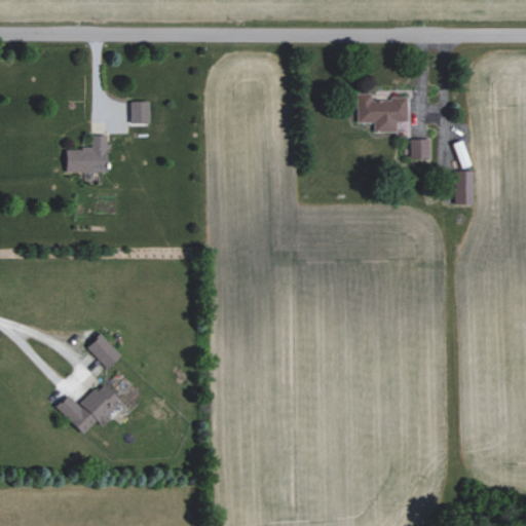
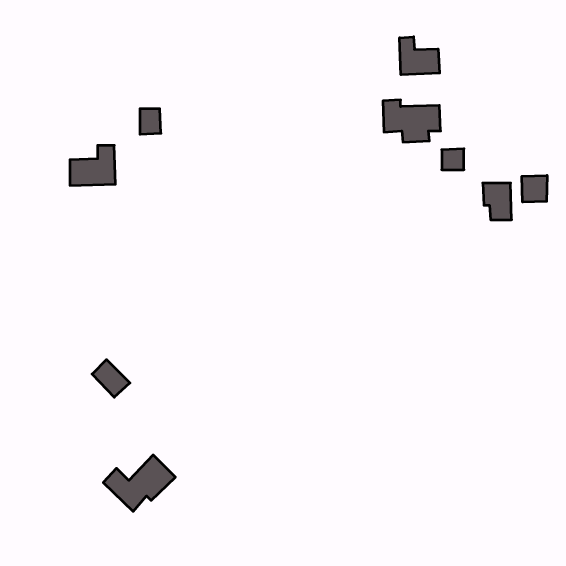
building: none -> [400,37,440,75]
building: none -> [522,175,547,202]
building: [55,382,122,435] -> [103,455,175,511]

